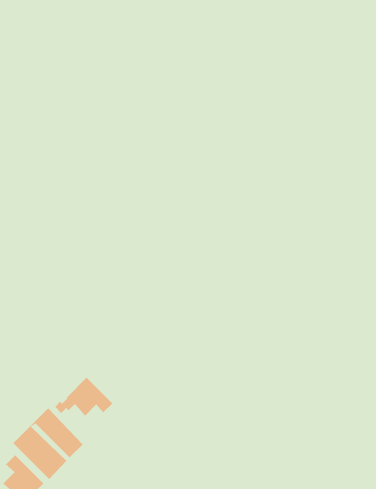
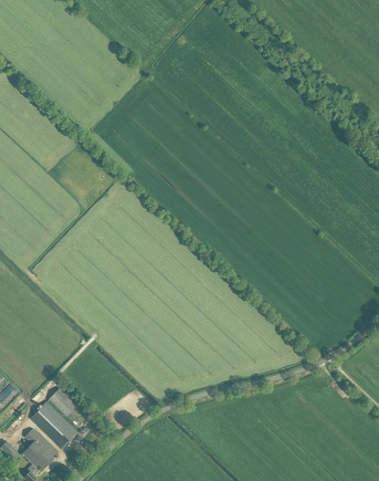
building: [54,377,113,416] -> none

